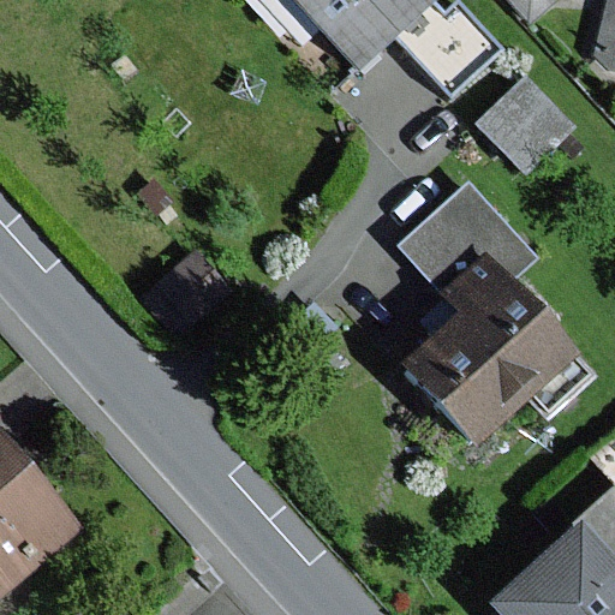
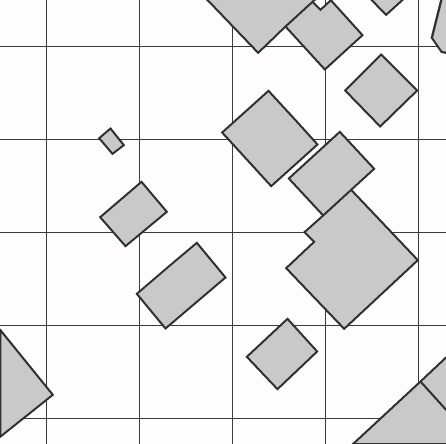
building: none -> [222,91,318,186]
building: none -> [137,243,225,328]
building: none -> [247,319,317,389]

